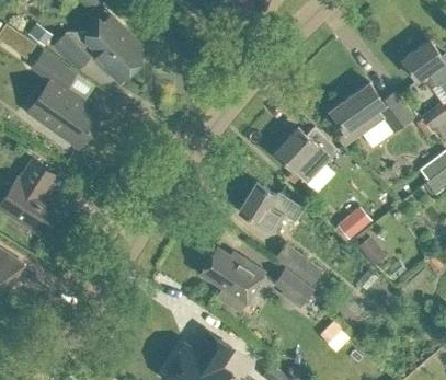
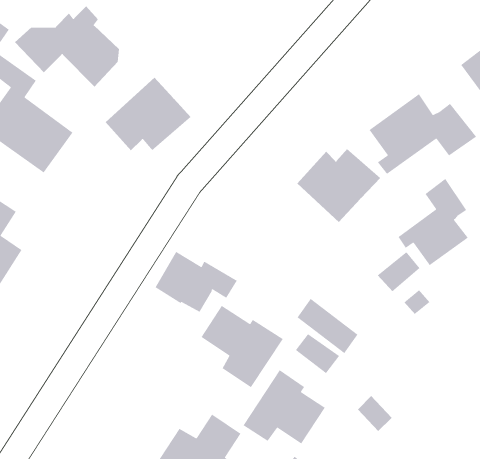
building: none -> [105,77,191,151]
building: none -> [398,178,469,266]
building: [239,184,304,232] -> [155,251,238,313]
building: none -> [242,369,326,444]

